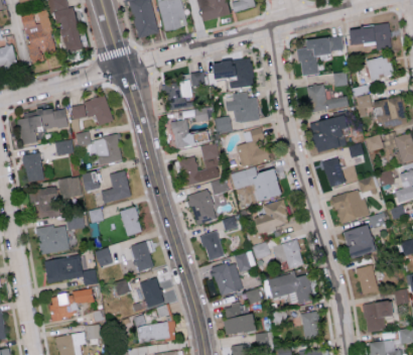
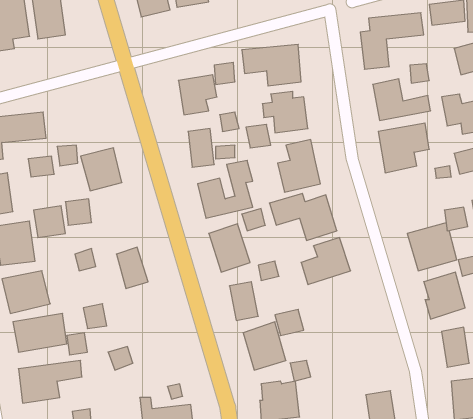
building: [71,97,112,125] -> none
building: [321,156,347,189] -> none
building: [101,170,131,204] -> none
building: [252,239,303,269] -> none
building: [131,243,151,271] -> none
building: [263,273,313,306] -> none
building: [140,278,163,307] -> none

